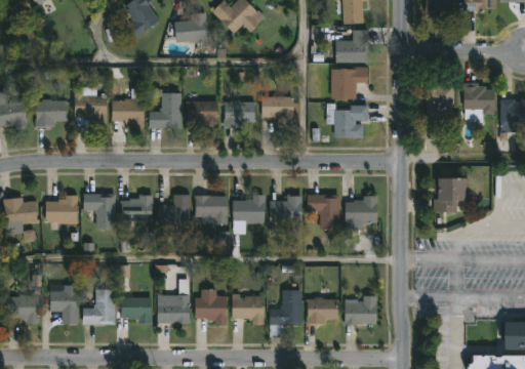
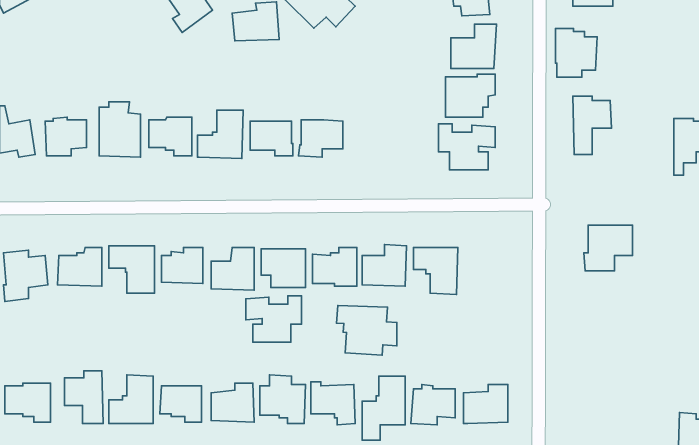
building: [463,83,494,119] -> [555,29,597,77]
building: [261,97,294,128] -> none
building: [345,196,378,231] -> none
building: none -> [246,296,302,342]
building: none -> [337,306,397,355]

